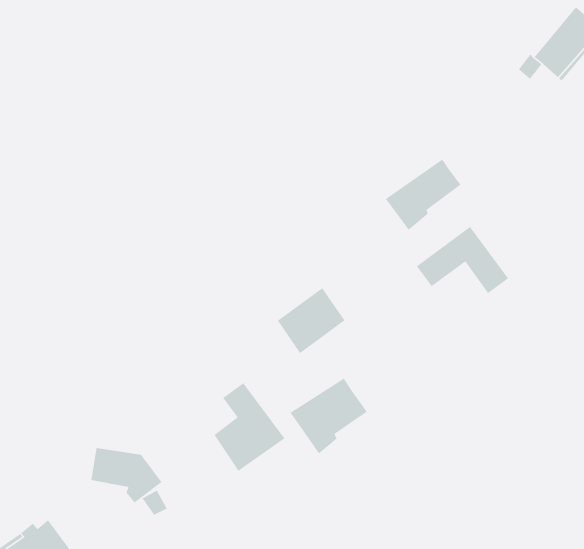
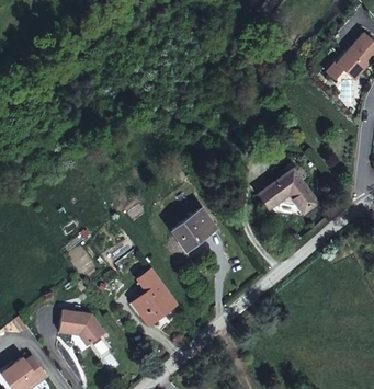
building: [385,159,462,231] -> none
building: [289,377,368,454] -> none

